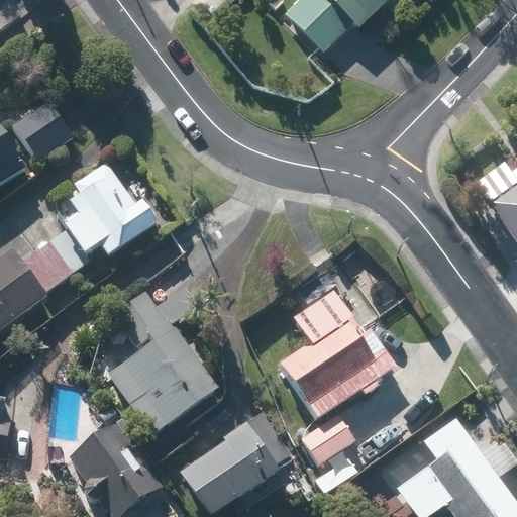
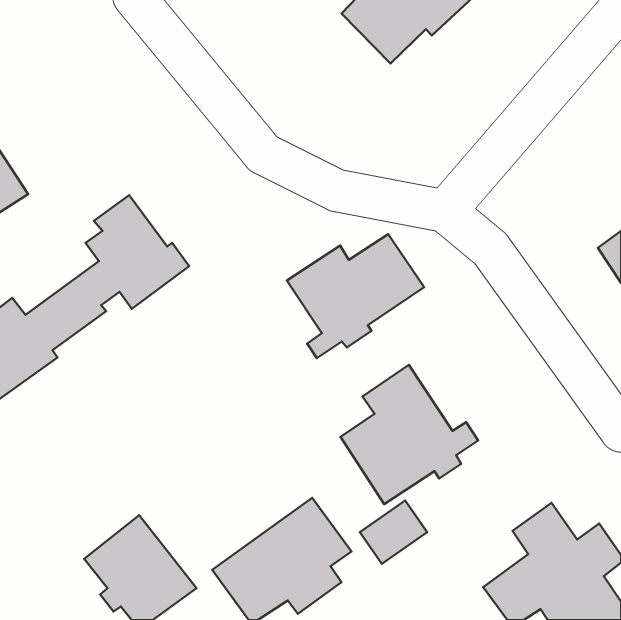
building: [14,103,70,157] -> none
building: none -> [287,234,424,358]
building: [104,297,218,437] -> none

